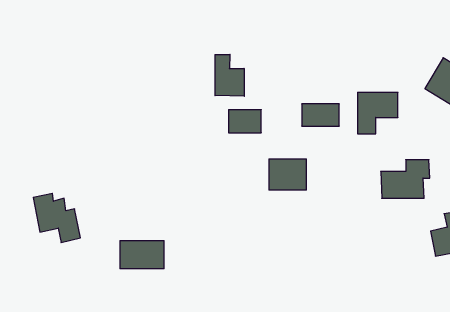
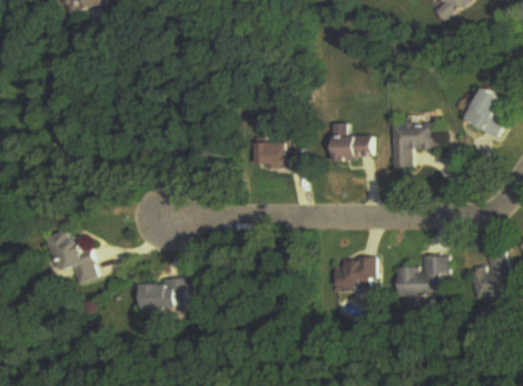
building: [215,54,244,96] -> none
building: [269,159,306,190] -> [332,257,372,290]
building: [381,160,430,198] -> [394,254,446,295]

